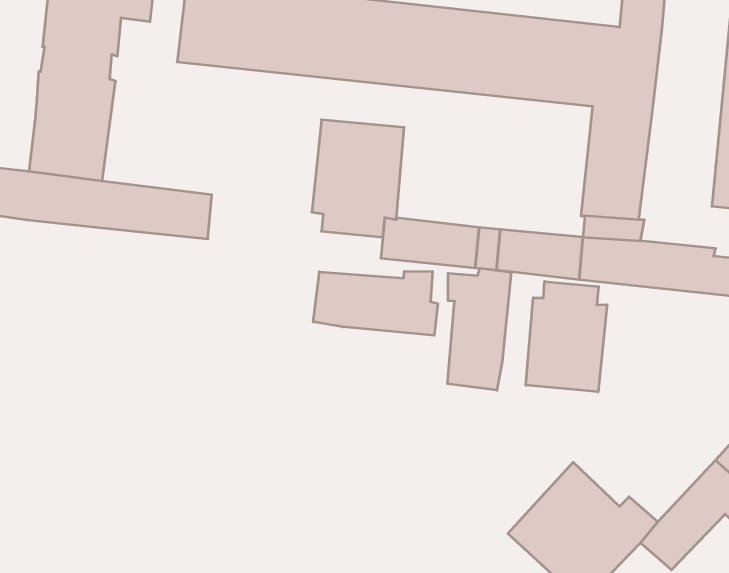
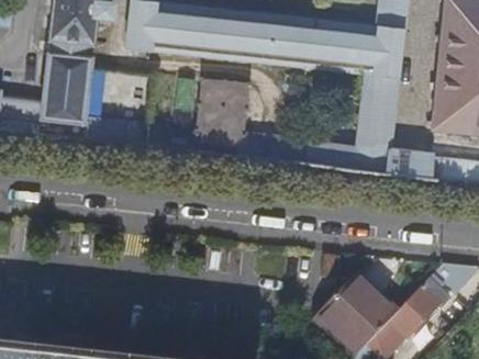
building: [448,268,511,390] -> none
building: [313,271,438,335] -> none
building: [526,281,607,392] -> none

